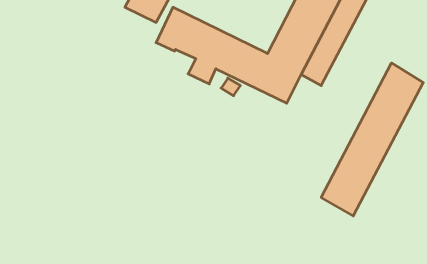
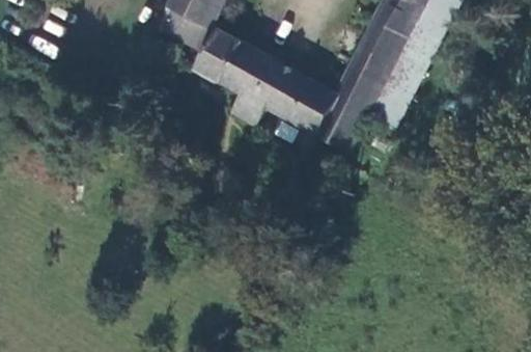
building: [321,63,423,216] -> none

